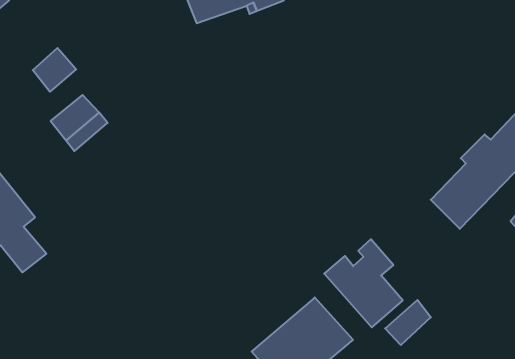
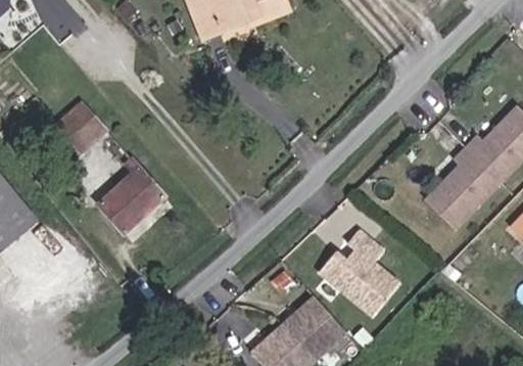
building: [33,48,76,92] -> none
building: none -> [96,153,165,232]
building: [385,300,431,345] -> none

